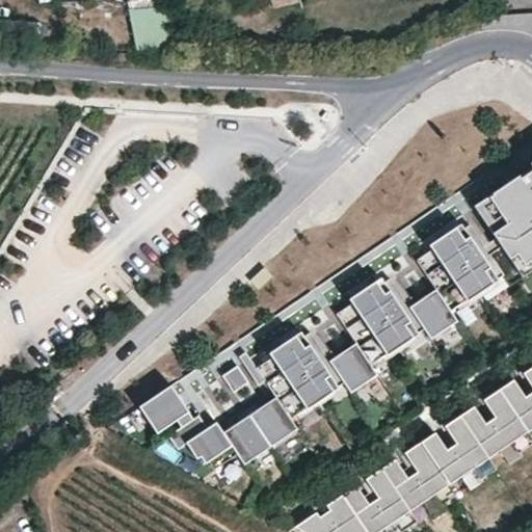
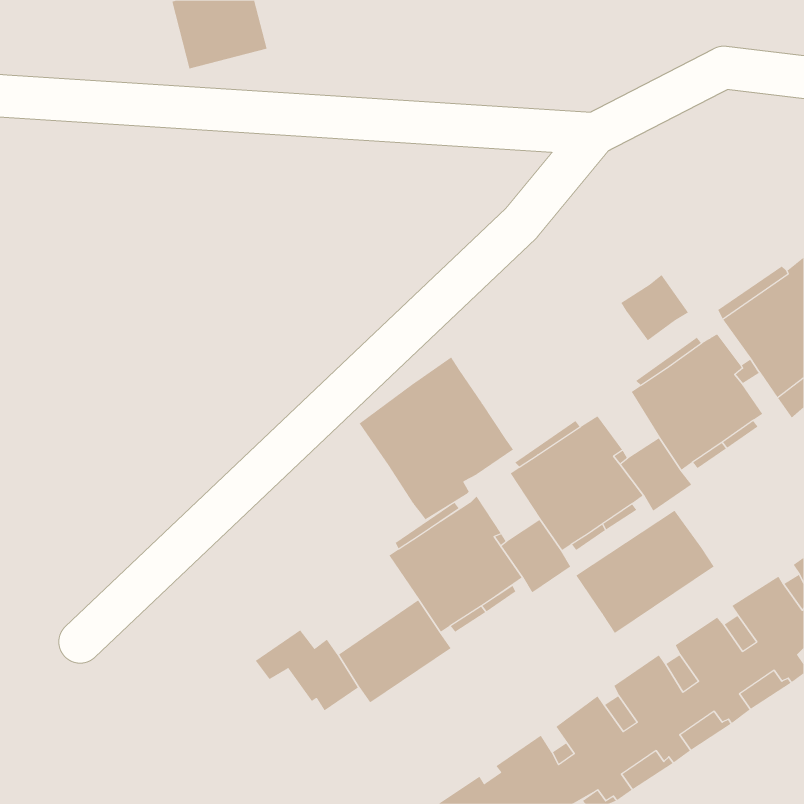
building: none -> [621,274,689,341]
building: none -> [359,357,514,520]
building: none -> [576,510,714,634]
building: [139,385,189,433] -> none

